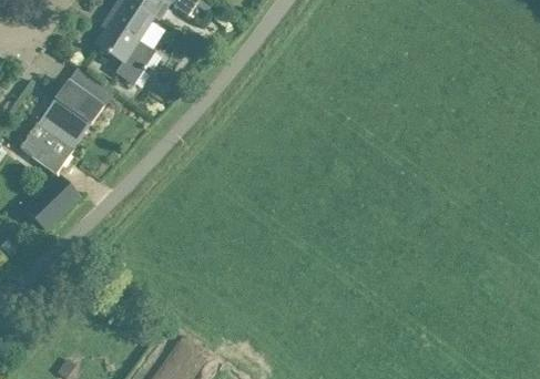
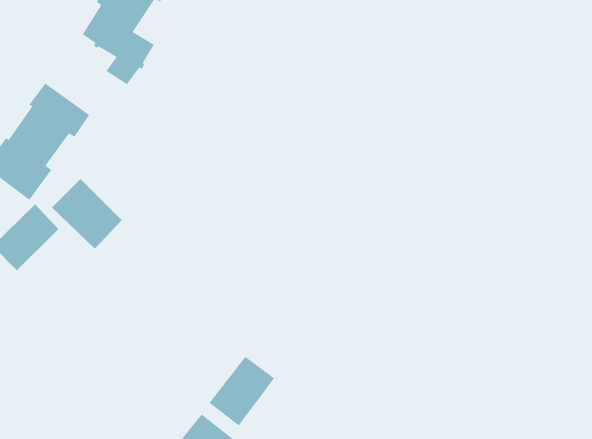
building: none -> [51,178,123,249]
building: none -> [209,356,275,426]

